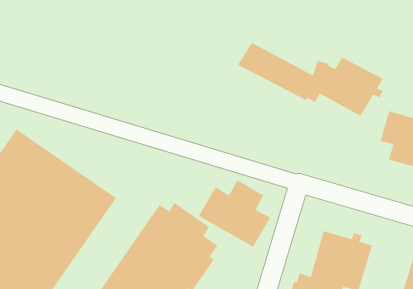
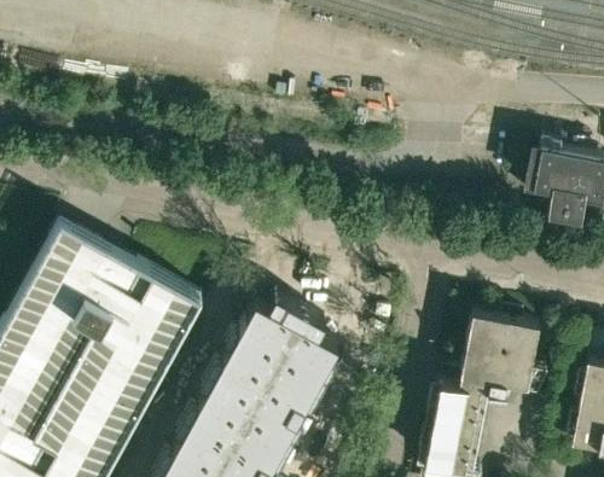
building: [237,42,384,116] -> none
building: [198,180,271,248] -> none

